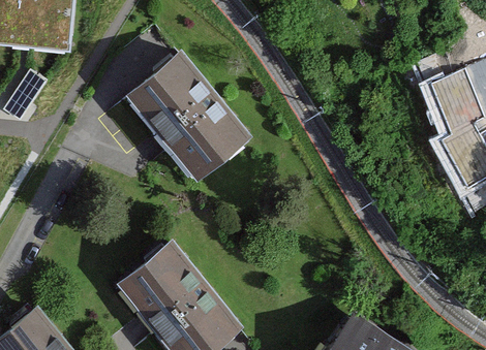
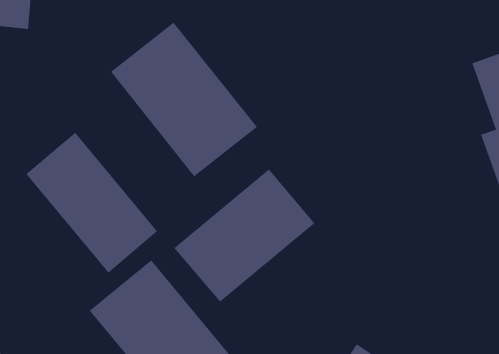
building: none -> [26,132,158,273]
building: none -> [174,168,315,303]

